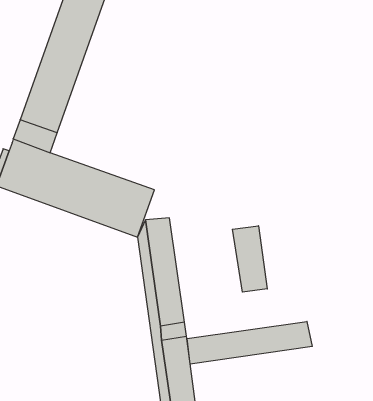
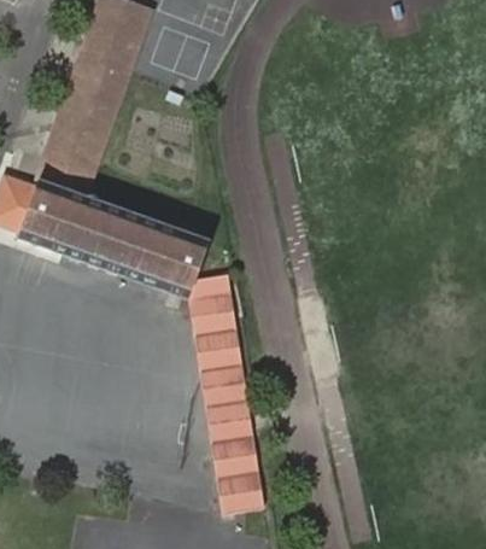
building: [232,226,267,292] -> none
building: [187,321,312,364] -> none

